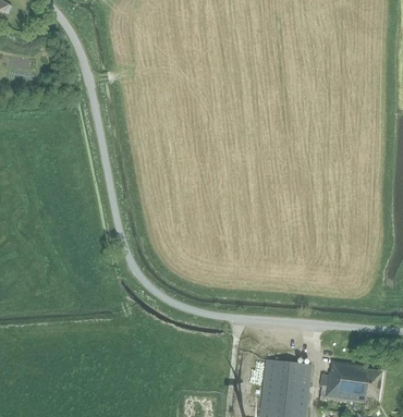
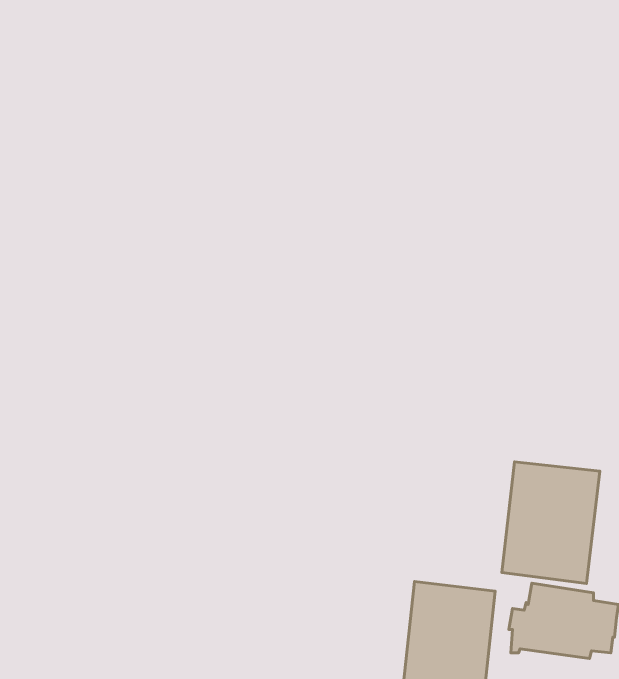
building: none -> [502,462,600,583]

